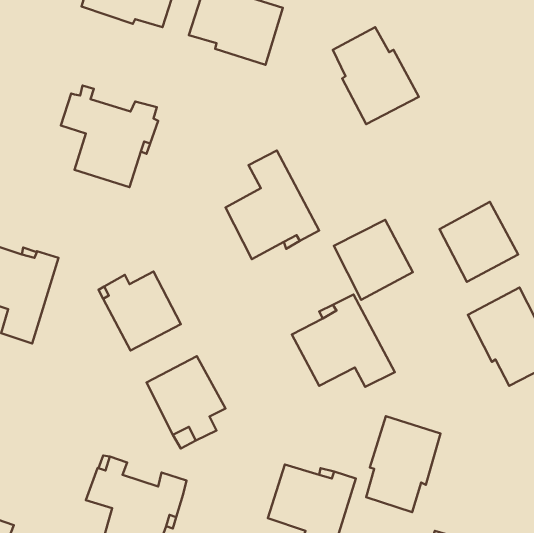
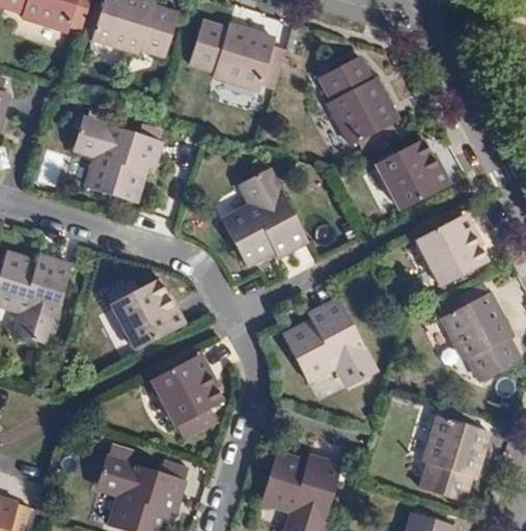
building: [334,220,413,300] -> [376,138,447,211]
building: [366,416,441,512] -> [420,416,488,503]

